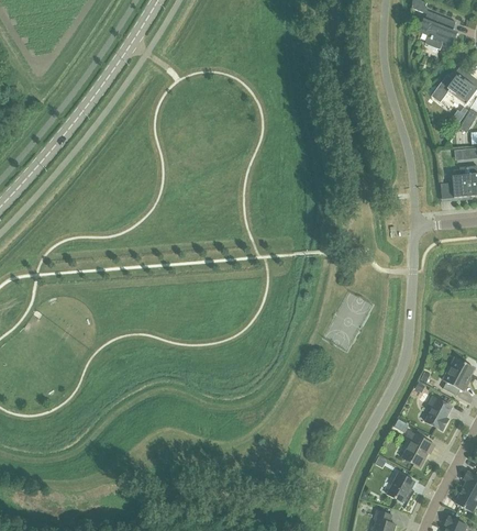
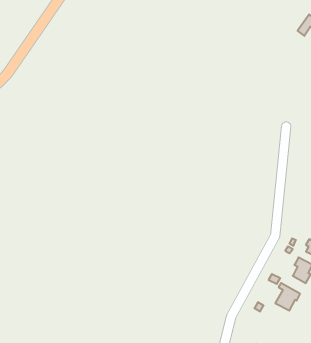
building: [387,472,415,501] -> none

